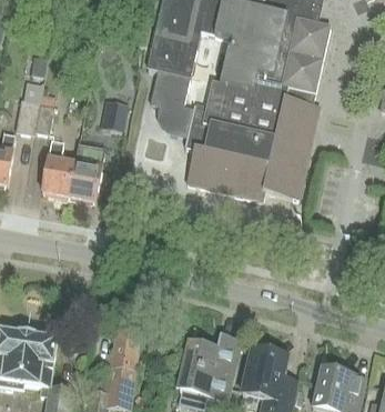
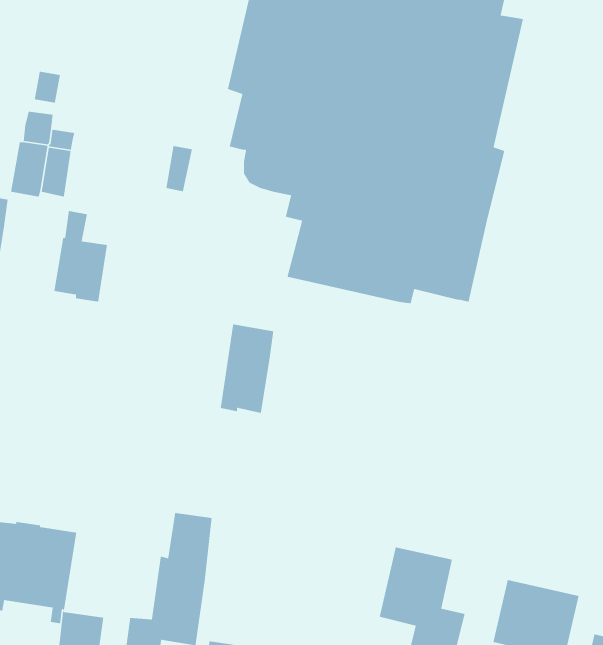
building: [70,144,103,200] -> [220,323,274,414]
building: [179,336,240,396] -> none

